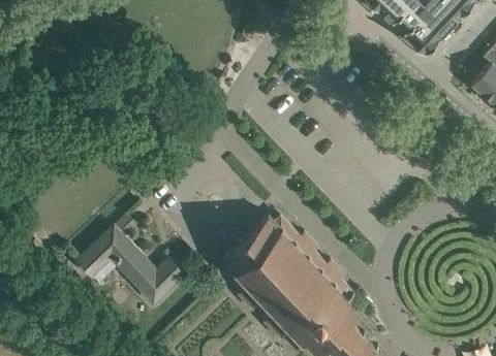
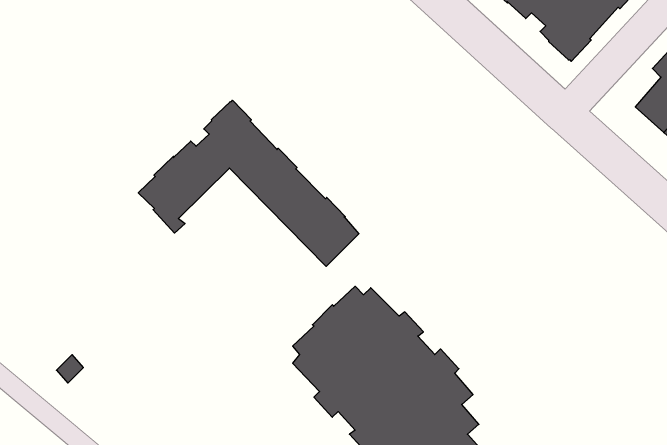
building: none -> [138,100,359,266]
building: [75,213,182,298] -> none

